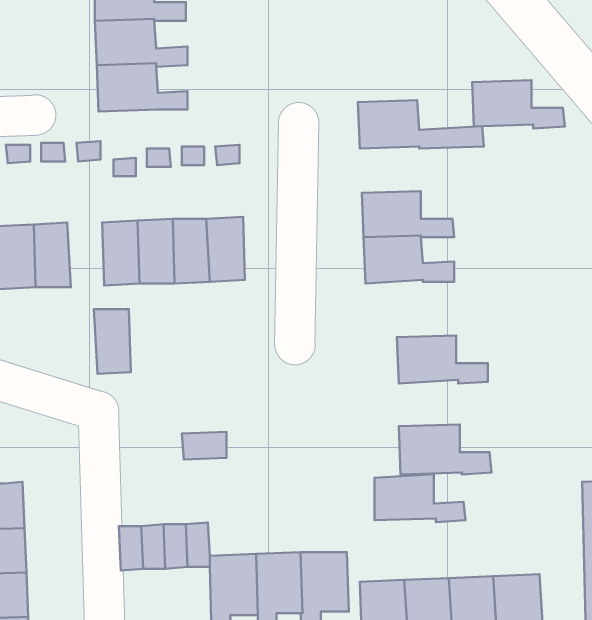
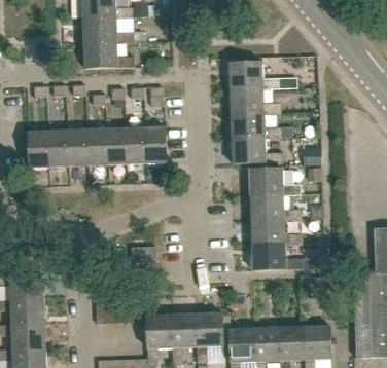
building: [472,80,565,128] -> [230,87,281,114]
building: none -> [249,168,300,194]
building: [94,309,131,374] -> [67,130,87,165]
building: [375,474,465,522] -> [251,217,302,244]

